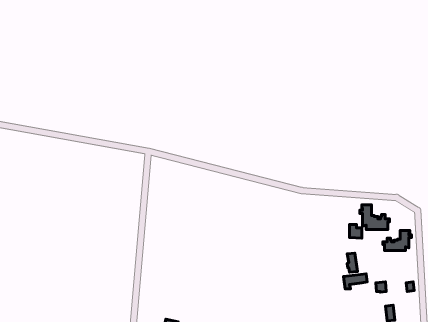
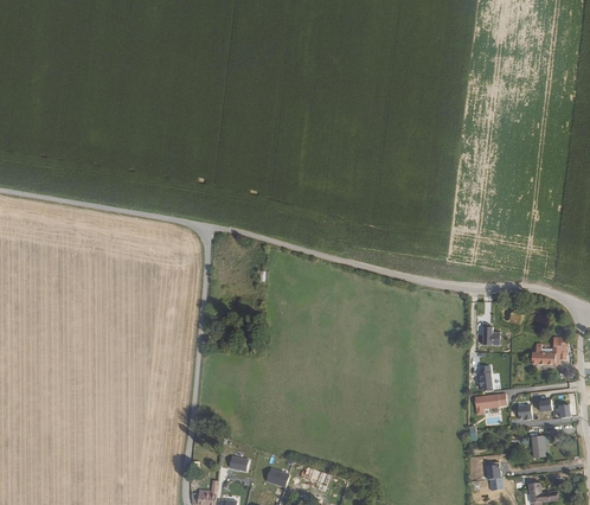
building: [360,205,390,229] -> none

